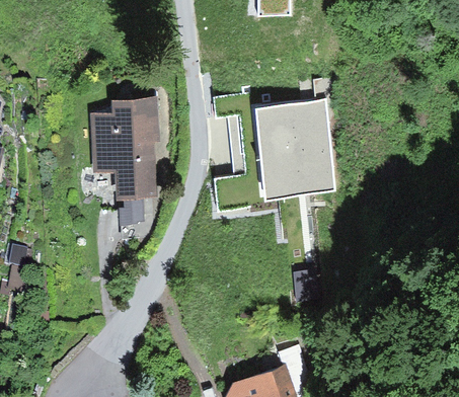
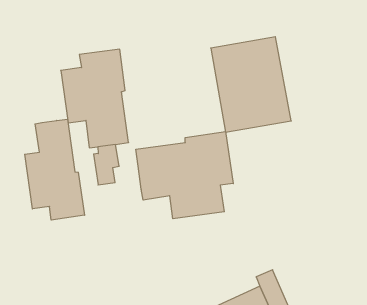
building: none -> [25,119,85,220]
building: none -> [136,132,233,219]

